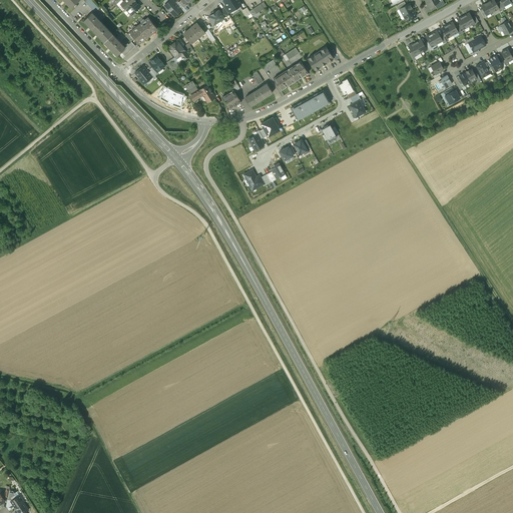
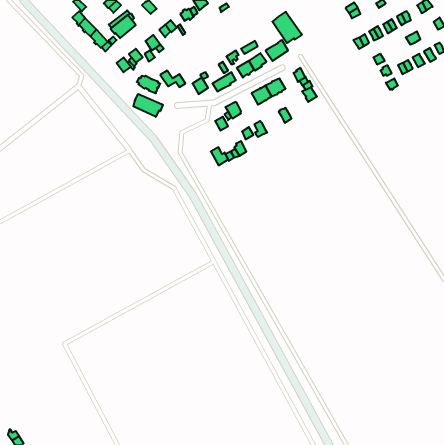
building: none -> [272,12,302,43]
building: none -> [133,94,163,117]

